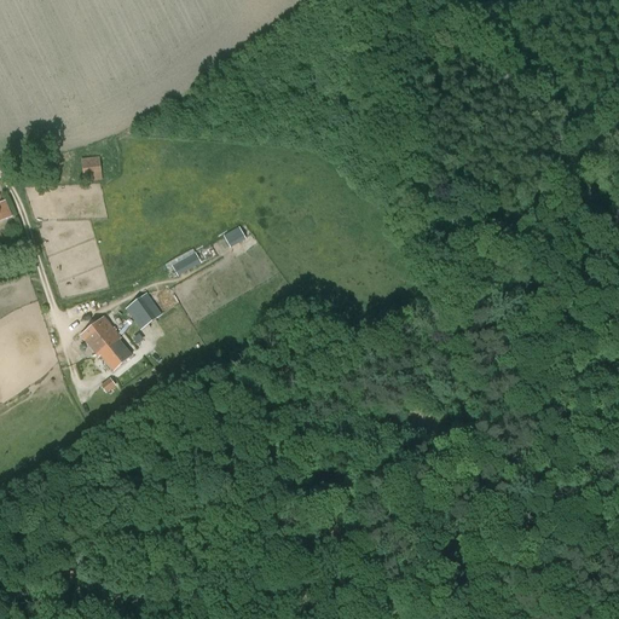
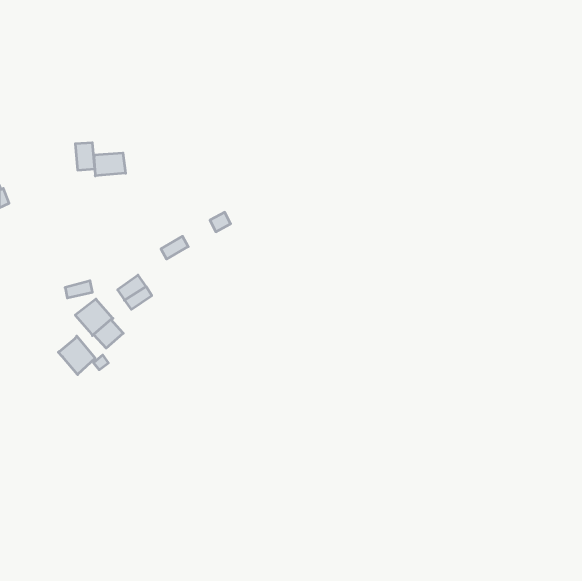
building: none -> [93,153,126,176]
building: none -> [58,336,95,375]

